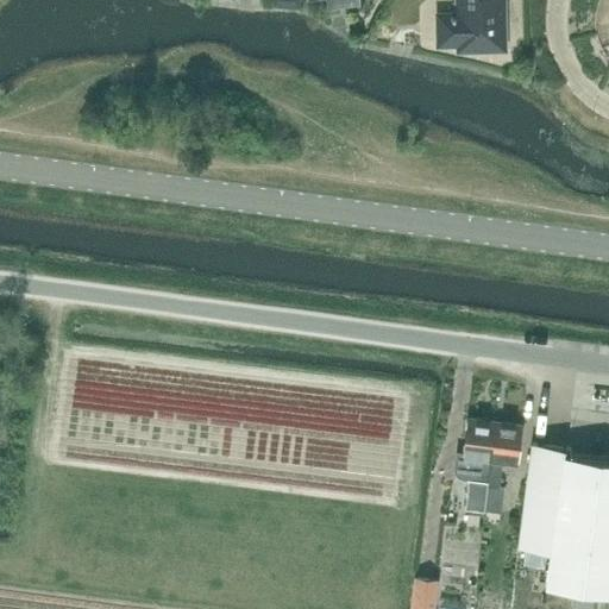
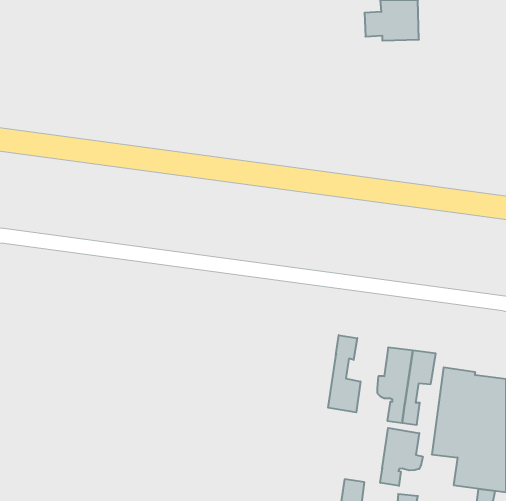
building: none -> [328,335,360,412]
building: none -> [380,428,423,486]

